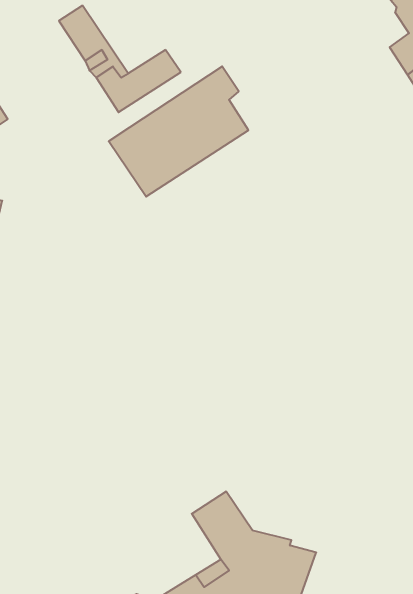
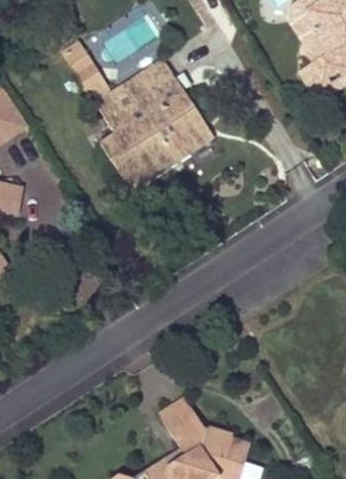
building: none -> [106,56,182,132]
building: none -> [126,106,214,190]

